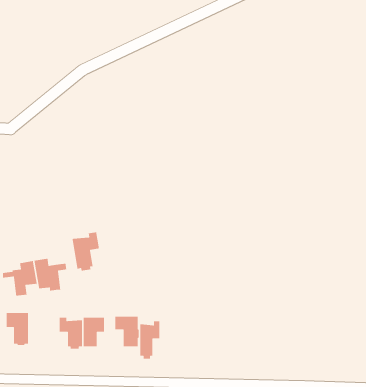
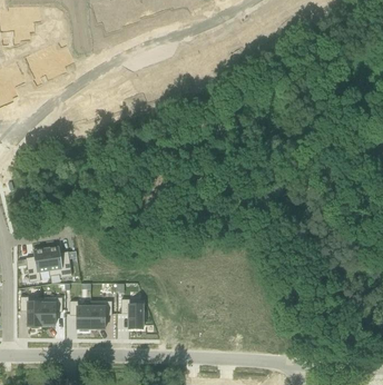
building: [71,231,100,272] -> none
building: none -> [41,297,61,325]
building: [140,321,160,359] -> none

